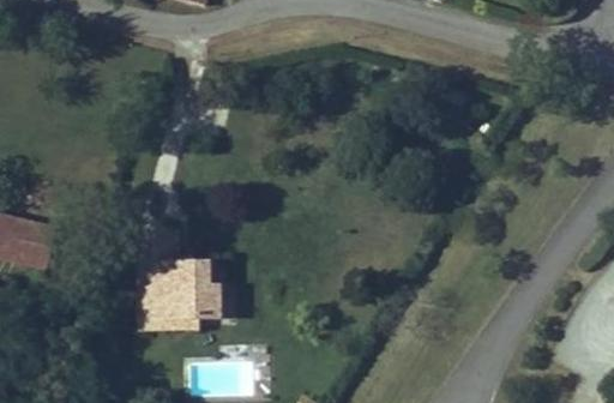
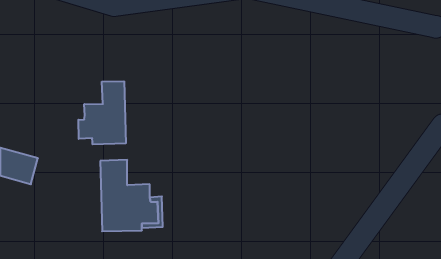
building: none -> [78,81,126,144]

